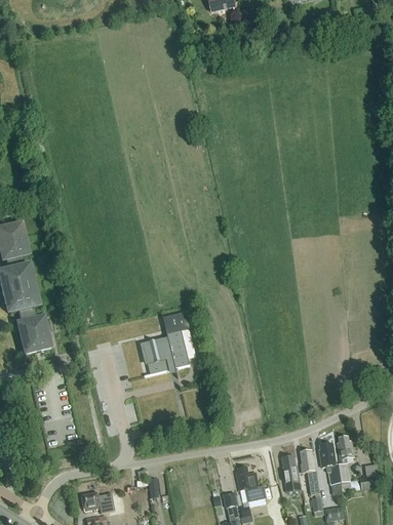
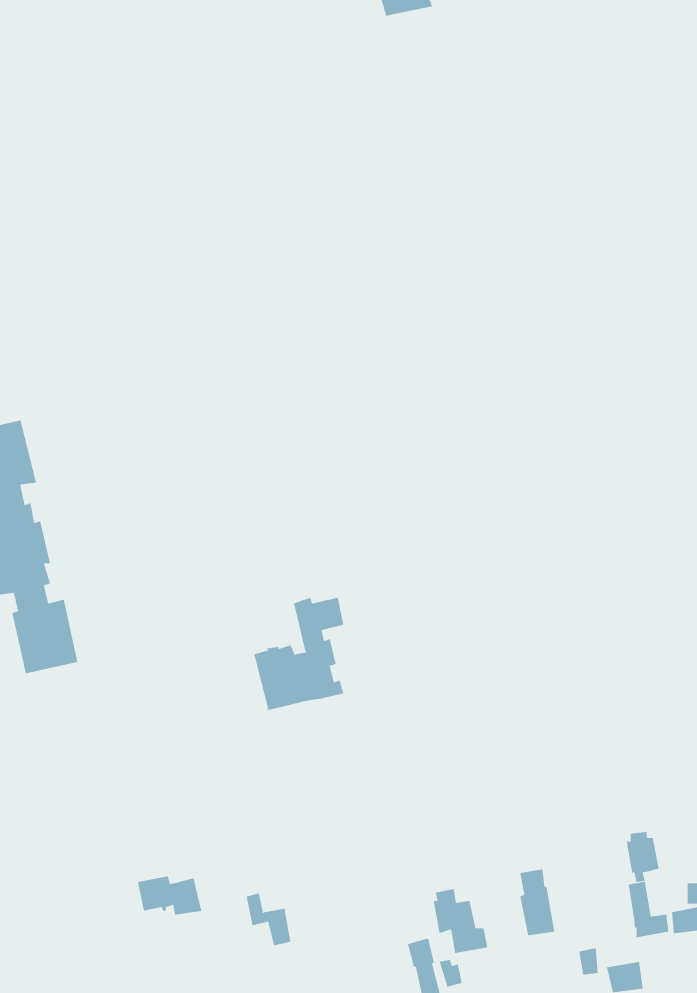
building: [319,443,341,484] -> none
building: [300,449,319,493] -> none
building: [81,491,115,512] -> [137,876,202,915]

